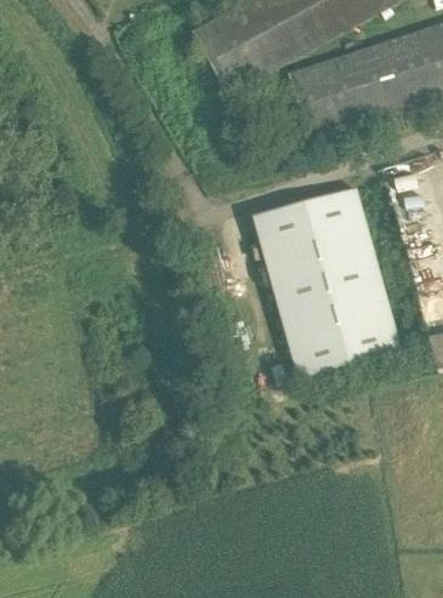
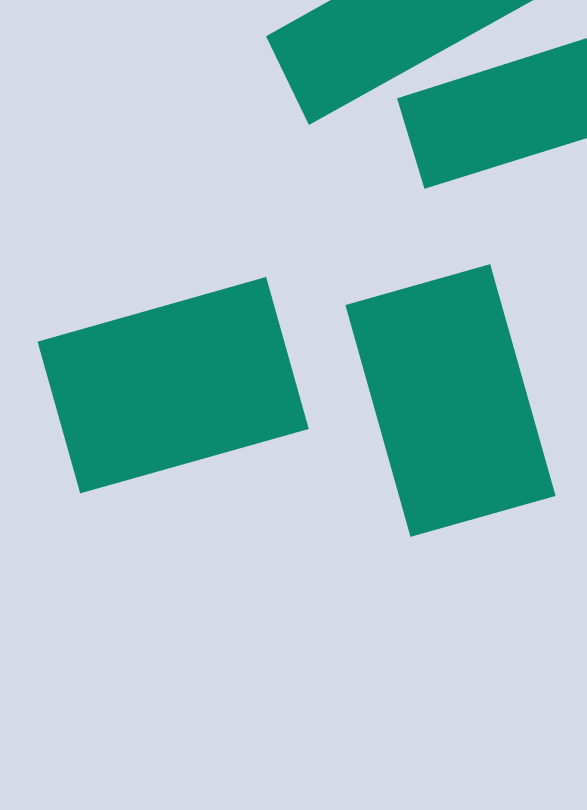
building: none -> [37,276,310,494]

